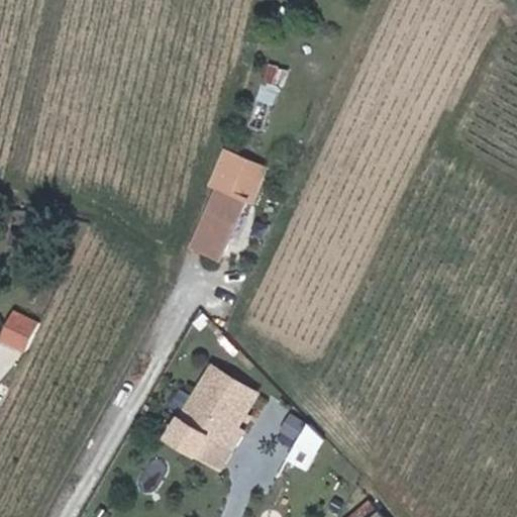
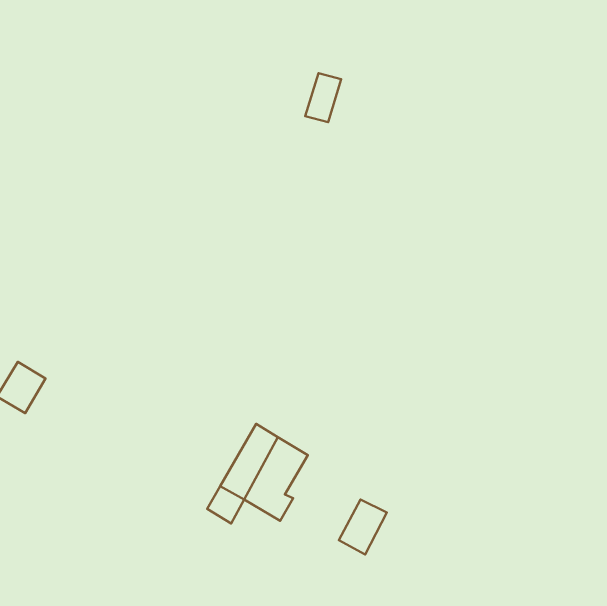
building: [184,156,257,262] -> none
building: [195,426,236,464] -> none

